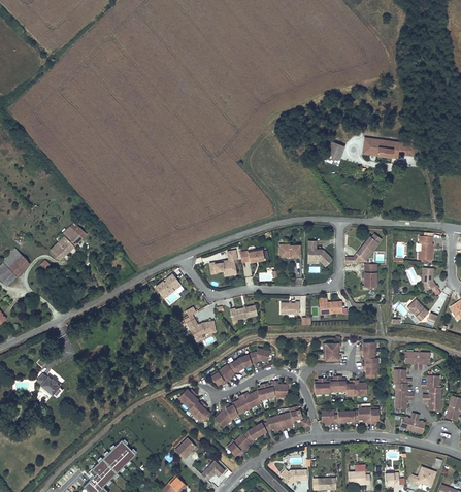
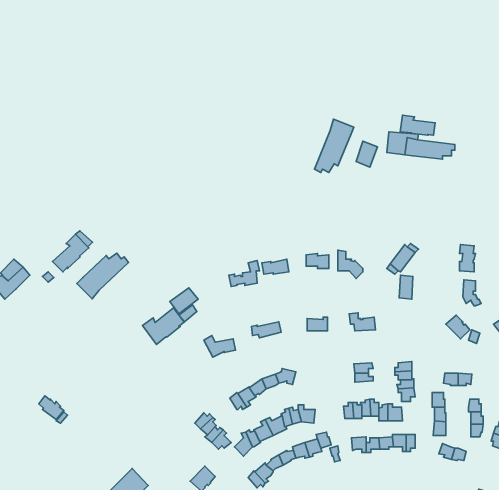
building: none -> [400,115,435,135]
building: none -> [314,119,354,173]
building: none -> [77,253,129,299]
building: none -> [143,308,184,345]

